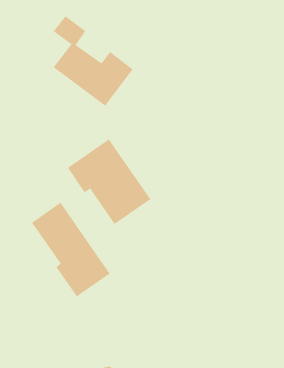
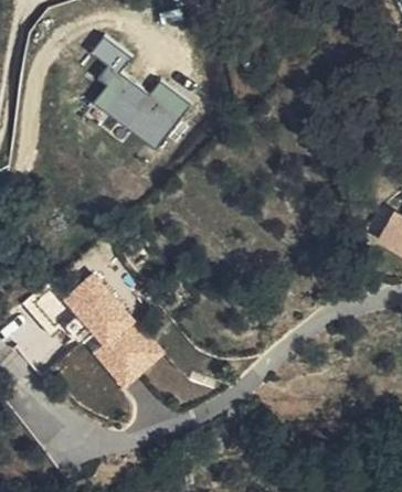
building: [67,138,151,225] -> none

